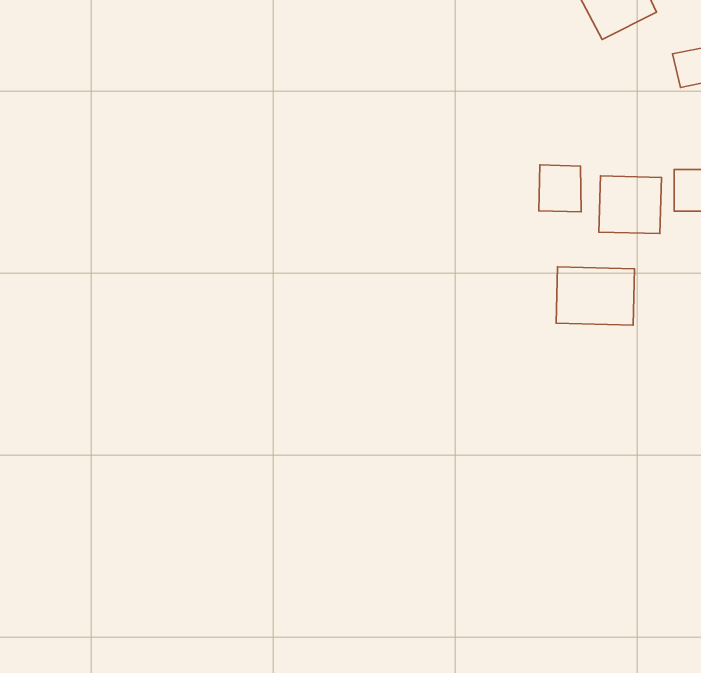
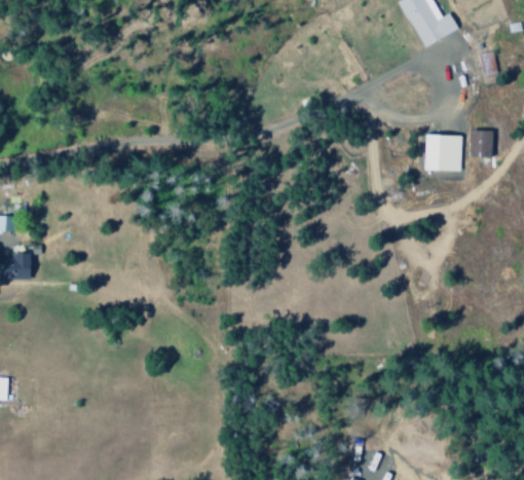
building: [539,165,581,212] -> none
building: [556,267,635,325] -> none

